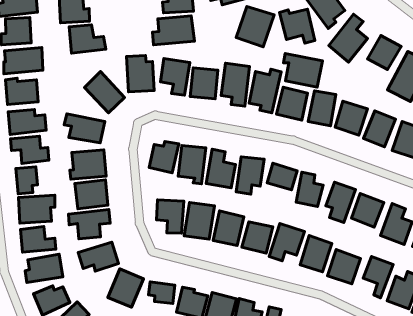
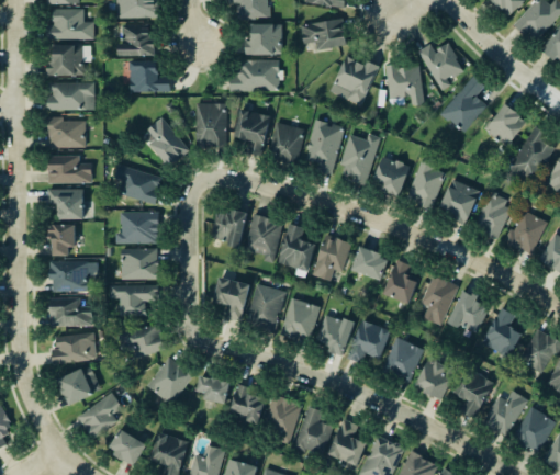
building: [284,54,323,87] -> none

